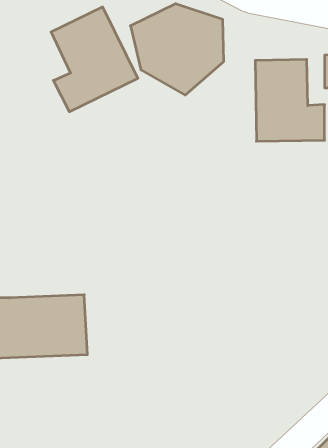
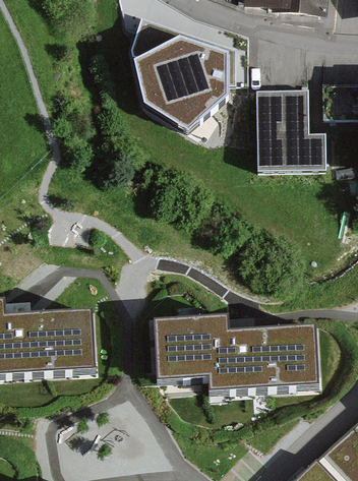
building: [51,7,138,112] -> none
building: none -> [157,316,319,393]

